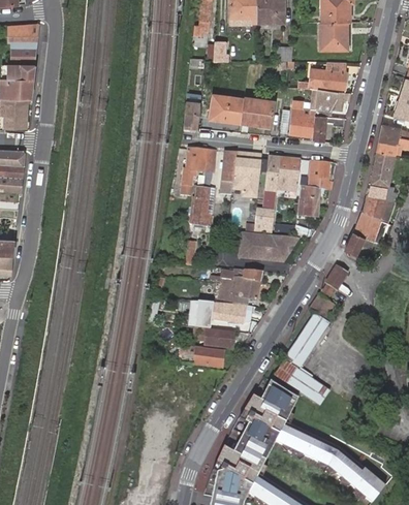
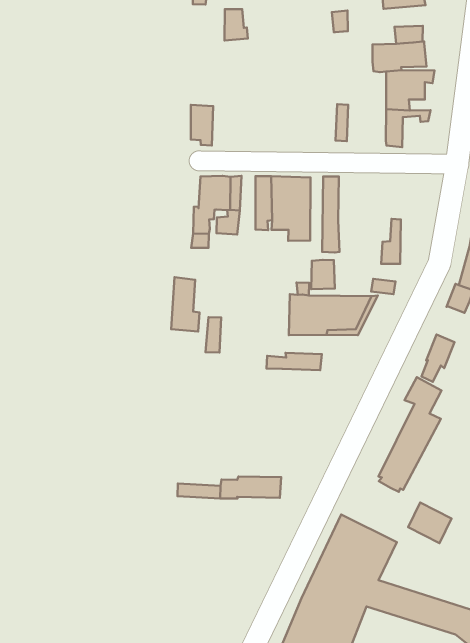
building: [291,91,317,136] -> none
building: [210,94,274,125] -> none
building: [277,157,301,188] -> none
building: [310,160,329,190] -> none
building: [191,190,211,227] -> [171,277,200,331]
building: [218,280,256,299] -> none
building: [197,301,244,323] -> none
building: [196,327,235,347] -> none
building: [277,358,314,391] -> none

